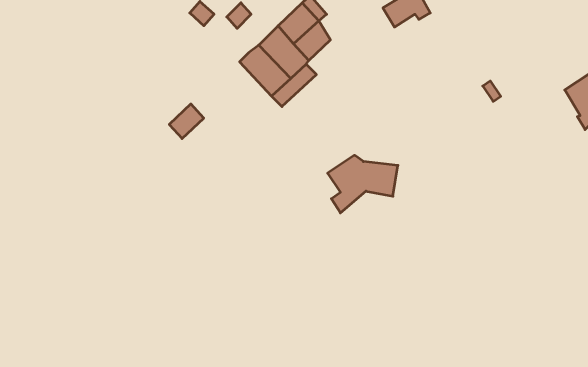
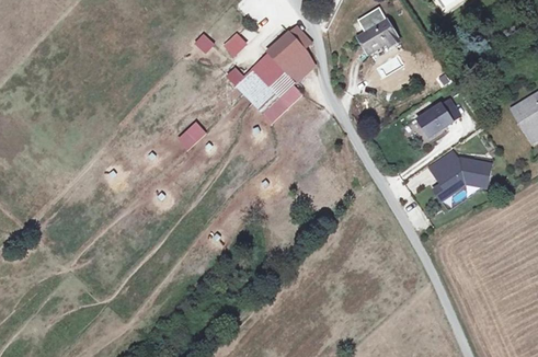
building: none -> [414,102,450,136]
building: [328,155,398,213] -> [430,151,490,200]

